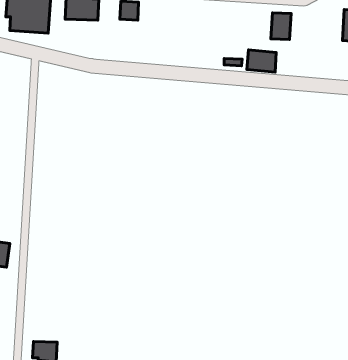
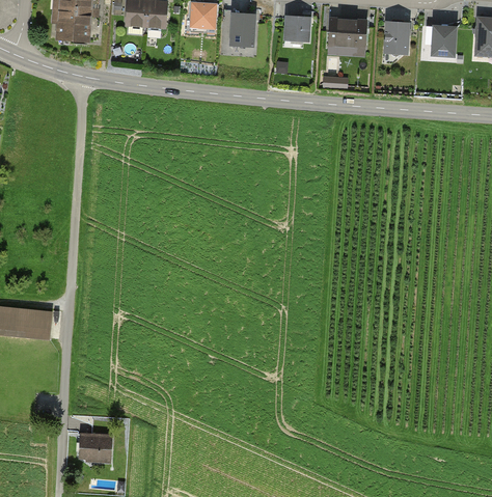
building: none -> [229,9,256,46]
building: none -> [284,12,311,40]
building: none -> [431,21,459,55]
building: [247,50,276,72] -> [329,20,366,48]

